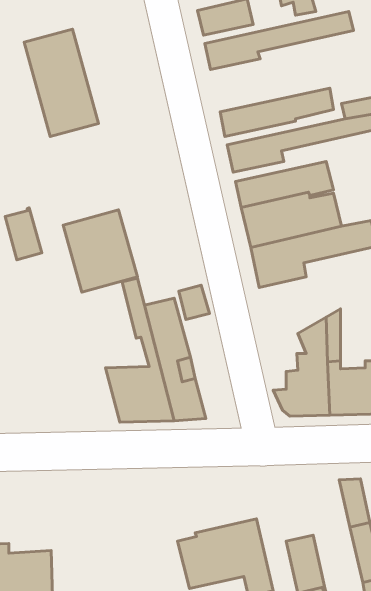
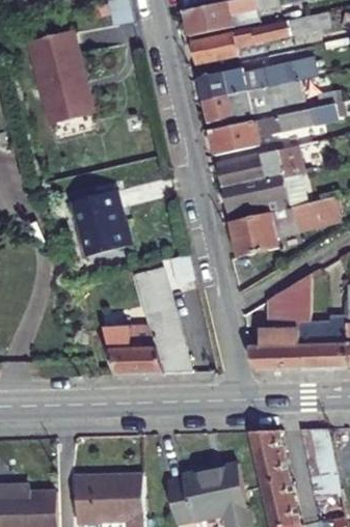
building: none -> [196,58,316,102]
building: [5,208,42,260] -> none
building: none -> [248,426,285,479]
building: none -> [76,474,142,519]

